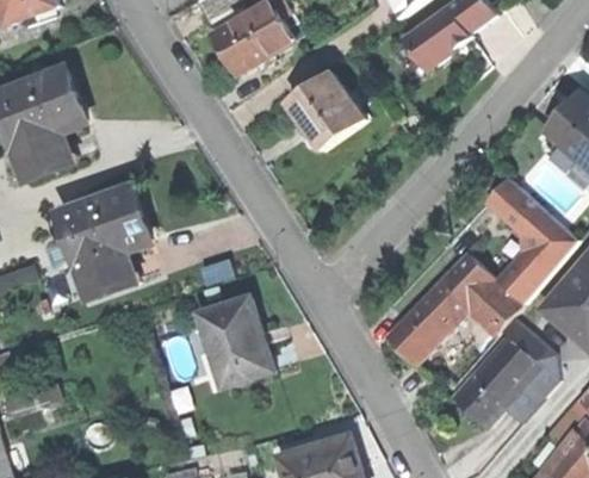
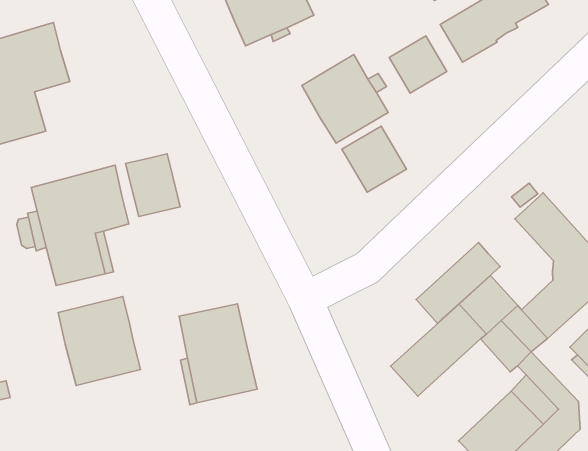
building: none -> [389,36,447,93]
building: none -> [342,126,406,192]
building: none -> [126,154,180,217]
building: none -> [416,243,500,323]
building: none -> [58,296,141,385]

